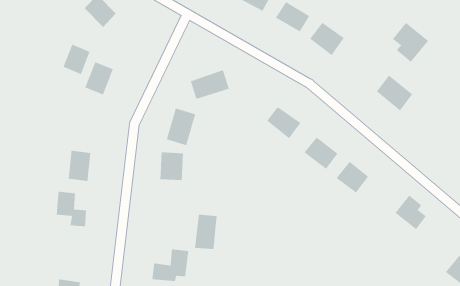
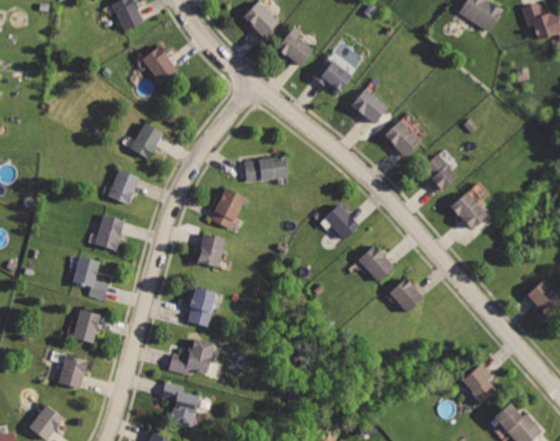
building: [392,22,429,63] -> [422,152,463,198]
building: [63,44,91,75] -> none
building: none -> [107,165,141,204]
building: [394,194,427,230] -> [463,363,498,404]
building: [194,214,218,250] -> [186,286,218,328]
building: none -> [72,307,102,345]

